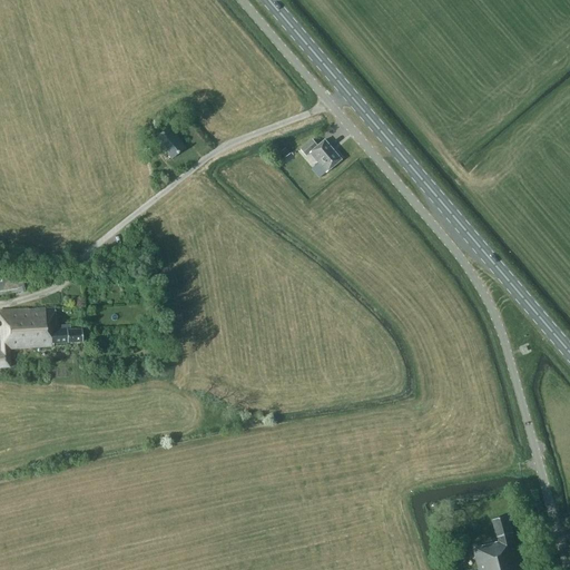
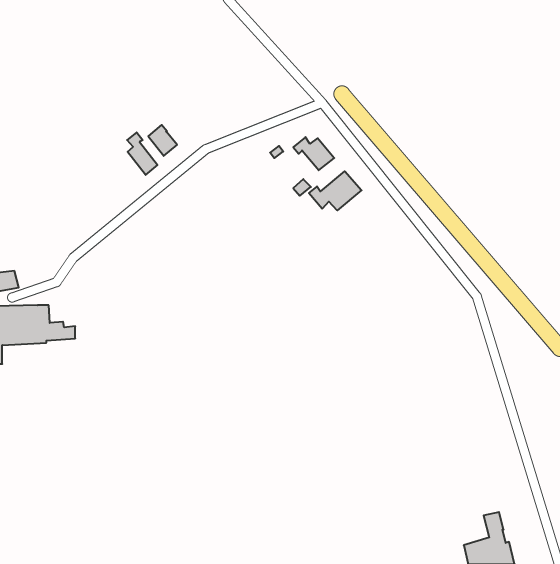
building: none -> [127,132,157,175]
building: none -> [309,171,362,210]

